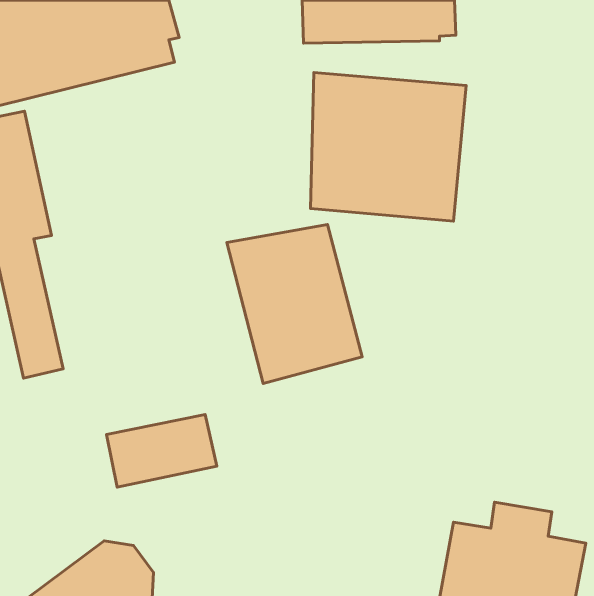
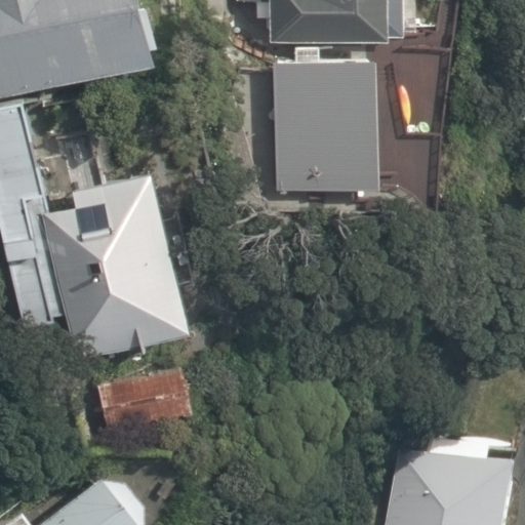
building: none -> [55,173,207,357]
building: [227,224,362,384] -> none

